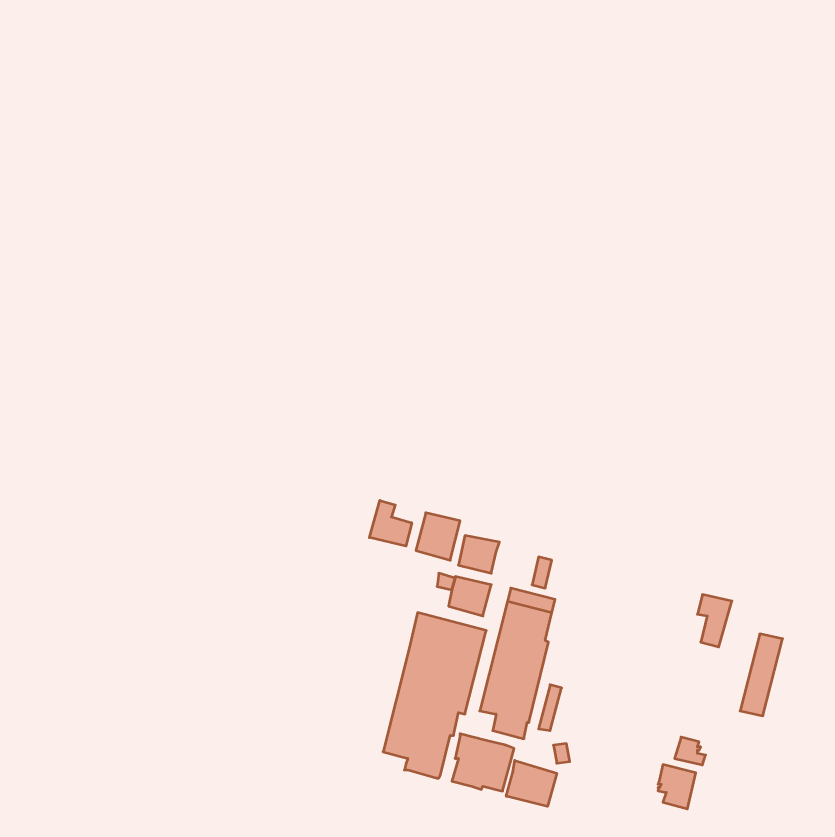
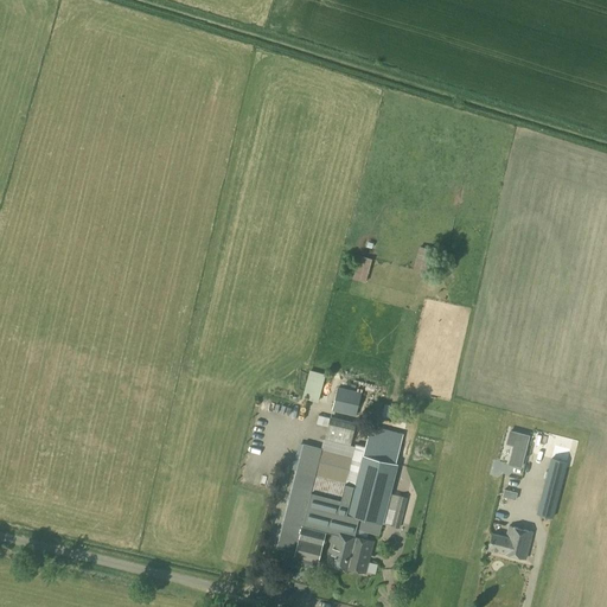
building: [369,500,412,546] -> none
building: [506,760,557,806] -> none
building: [658,765,696,809] -> [506,526,533,558]

